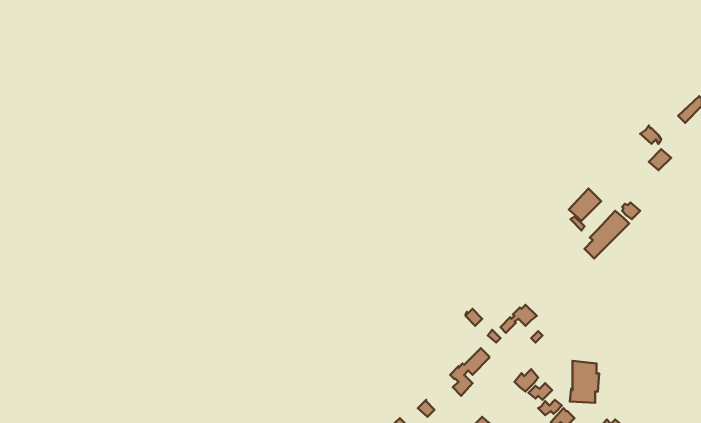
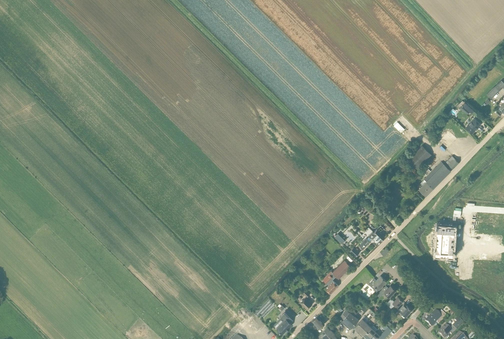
building: [570,361,599,403] -> [435,223,456,253]

